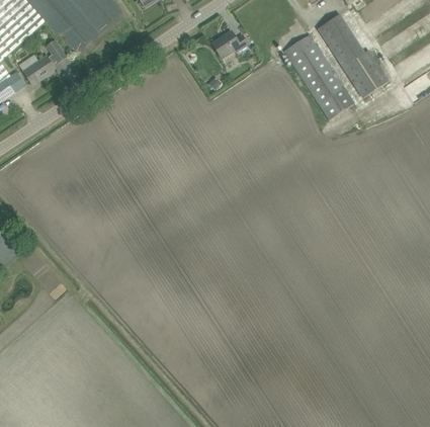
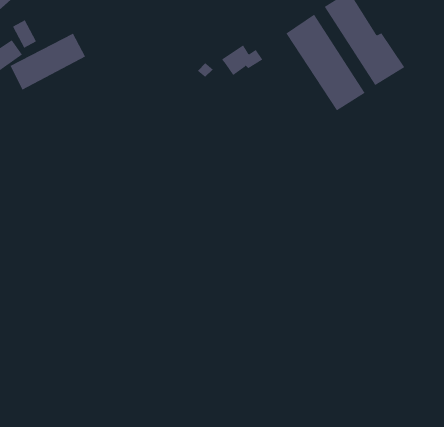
building: [211,30,248,58] -> [221,44,263,76]
building: none -> [10,33,86,90]

